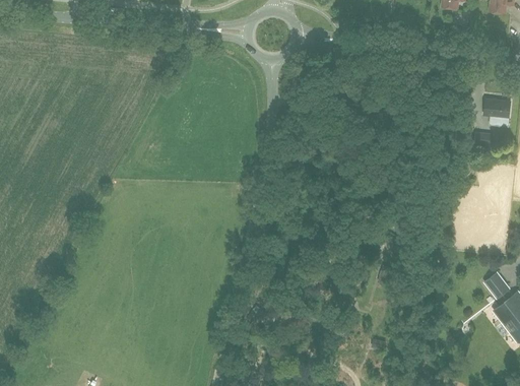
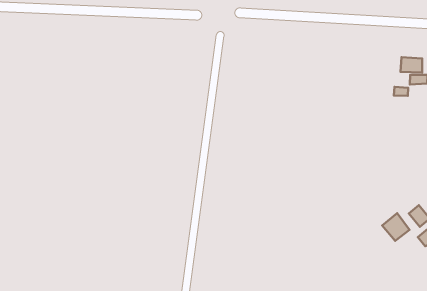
building: none -> [382,213,409,241]

